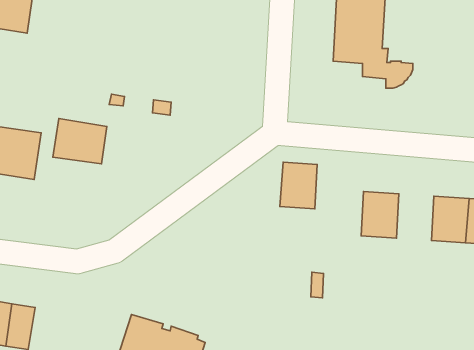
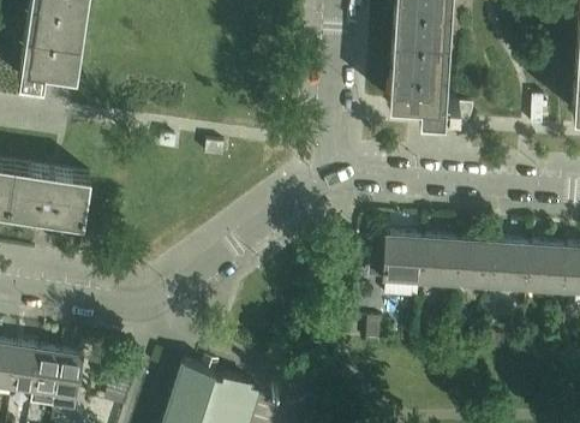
building: [53,119,107,164] -> none
building: [280,162,317,209] -> [382,236,420,284]
building: none -> [454,240,492,288]

